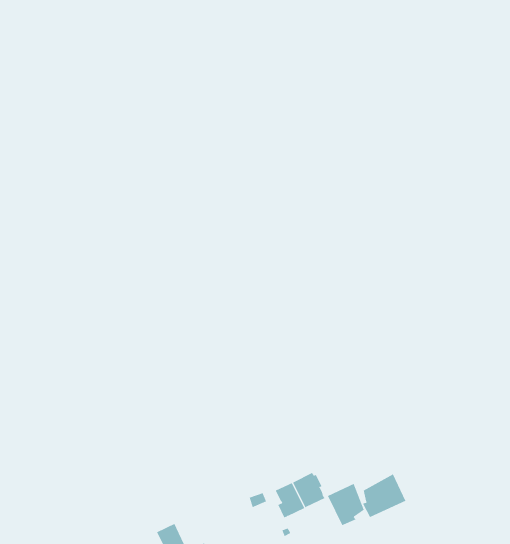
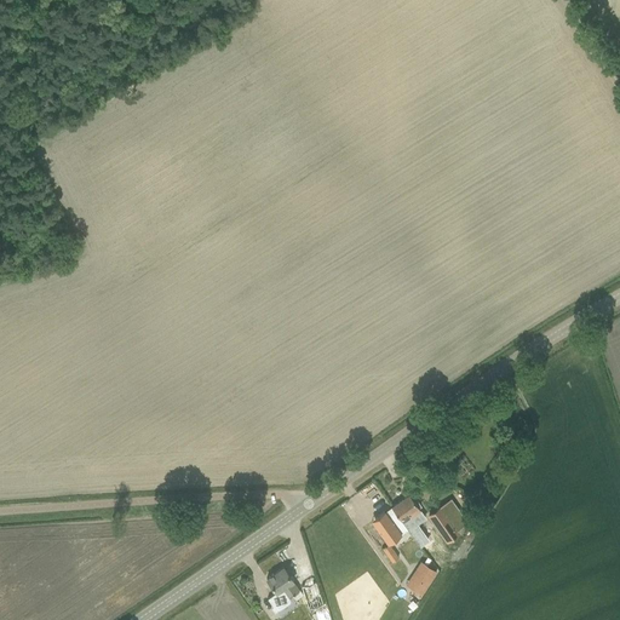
building: [362,474,406,518] -> none

